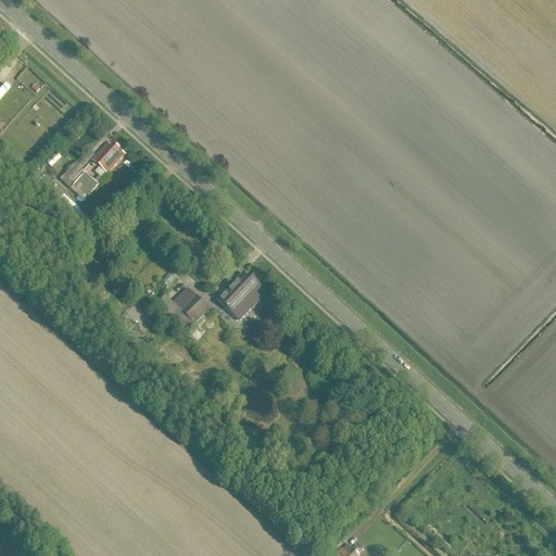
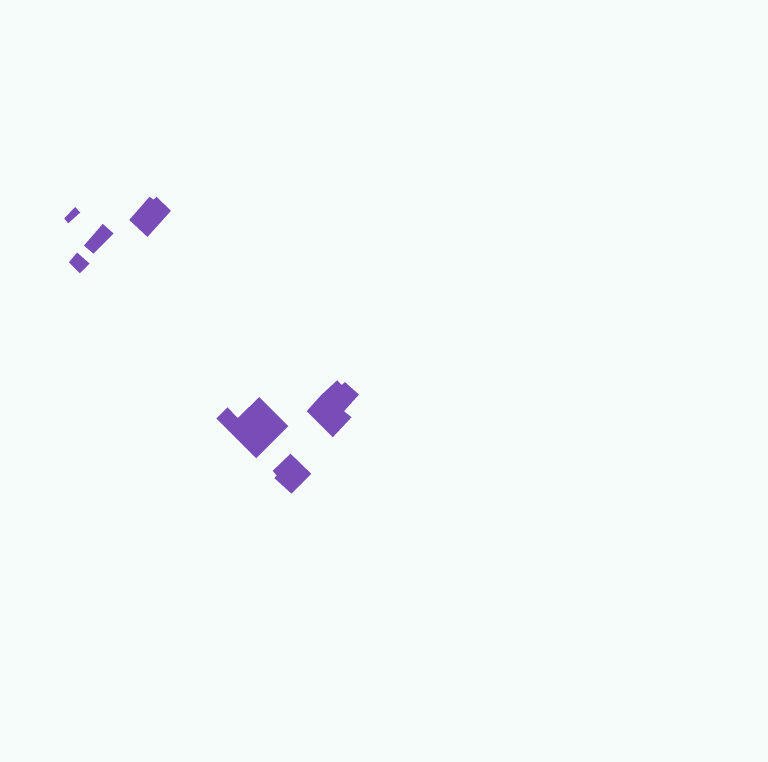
building: [73,165,106,195] -> none
building: none -> [272,453,312,495]

